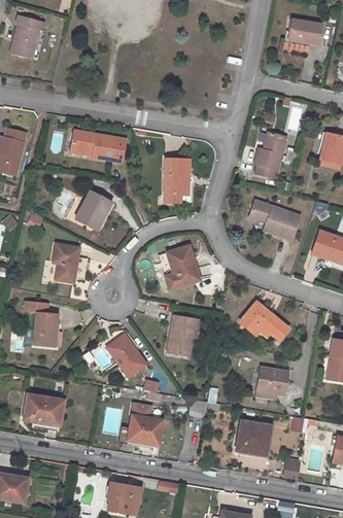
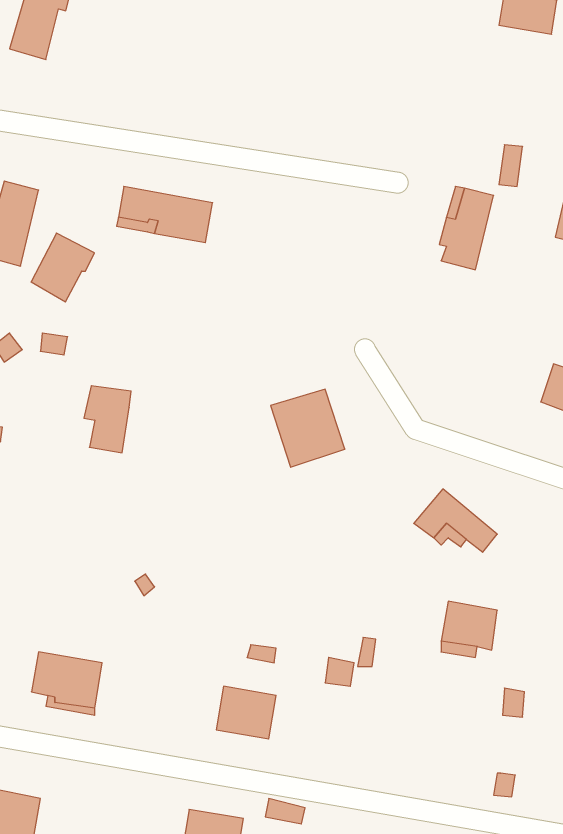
building: [165,159,190,194] -> none
building: [75,189,111,229] -> [31,233,94,302]
building: [249,200,301,239] -> none
building: [26,301,58,346] -> none
building: [167,313,199,355] -> none
building: [107,333,145,375] -> none
building: [236,419,271,451] -> none

